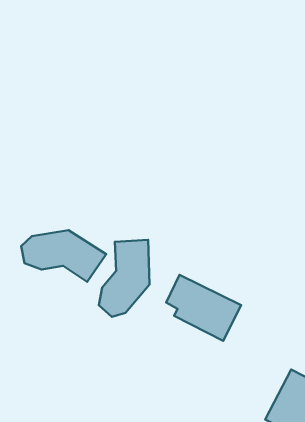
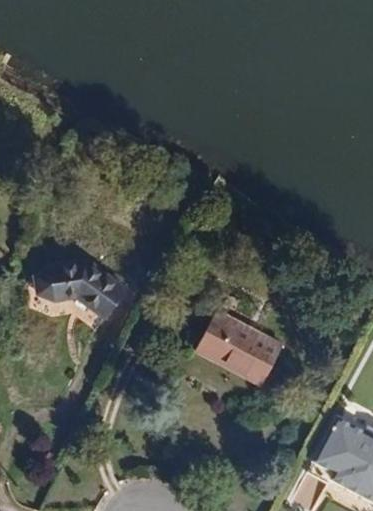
building: [99,240,150,317] -> none

